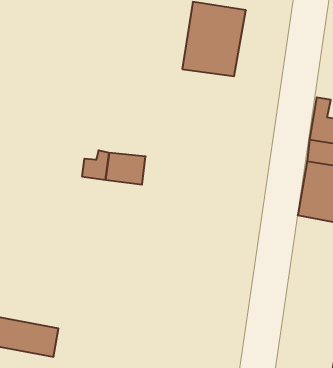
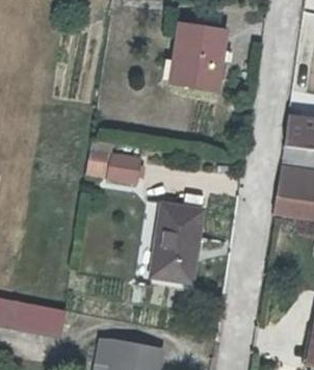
building: none -> [150,204,201,282]

